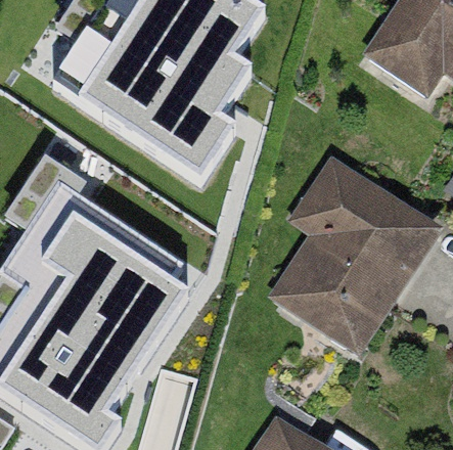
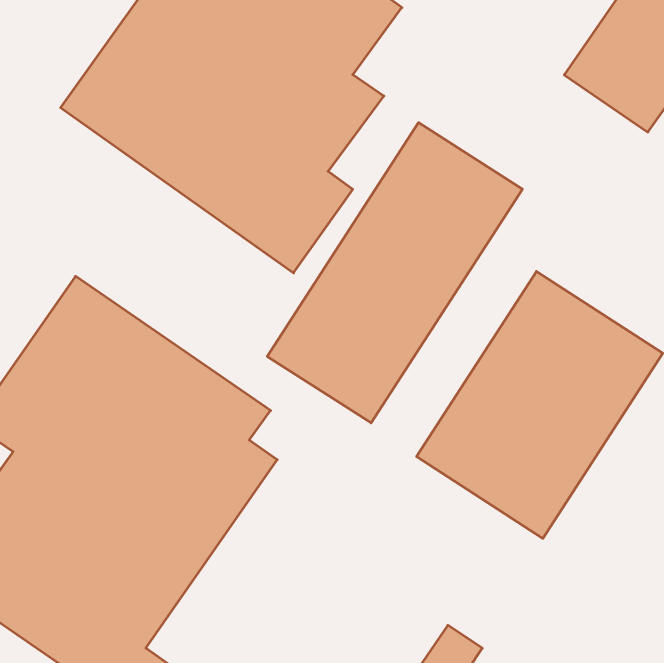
building: none -> [267,123,522,423]

